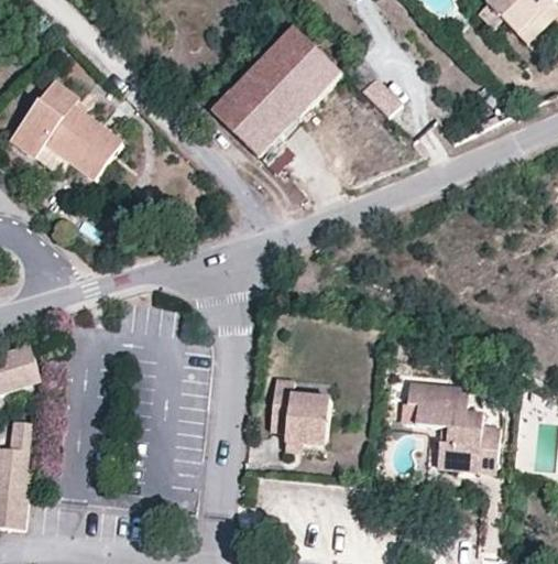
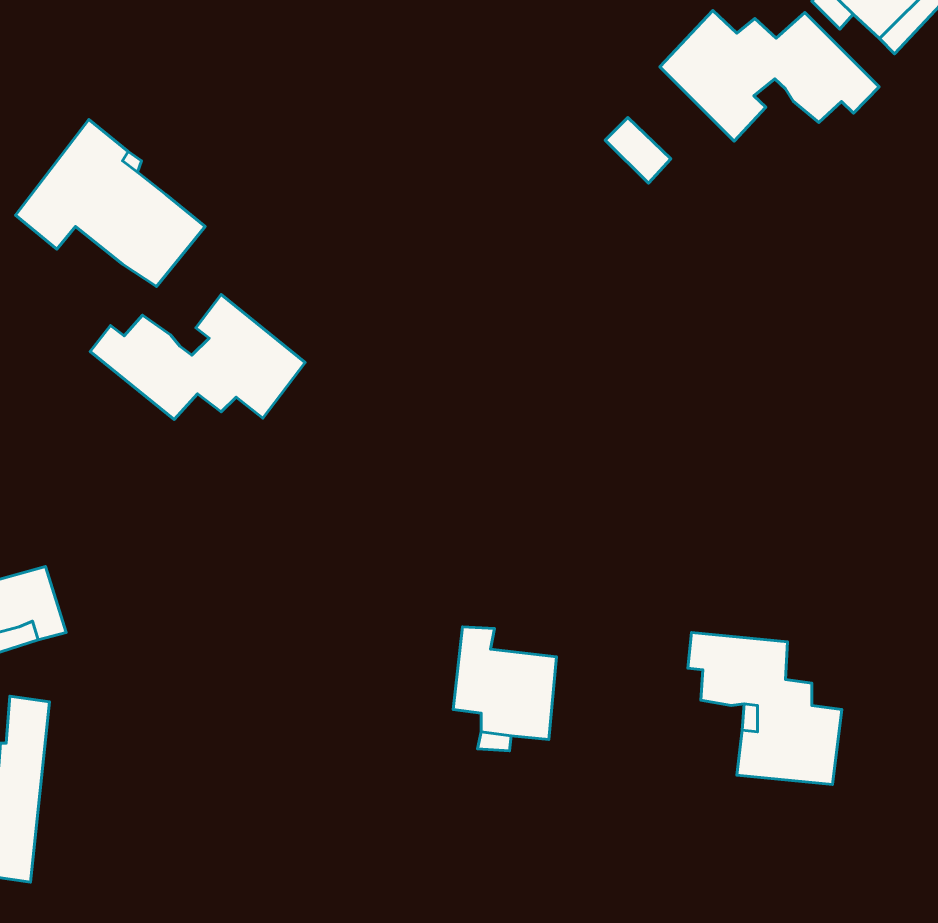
building: none -> [660,10,879,141]
building: [205,23,339,155] -> none
building: none -> [90,294,305,419]

